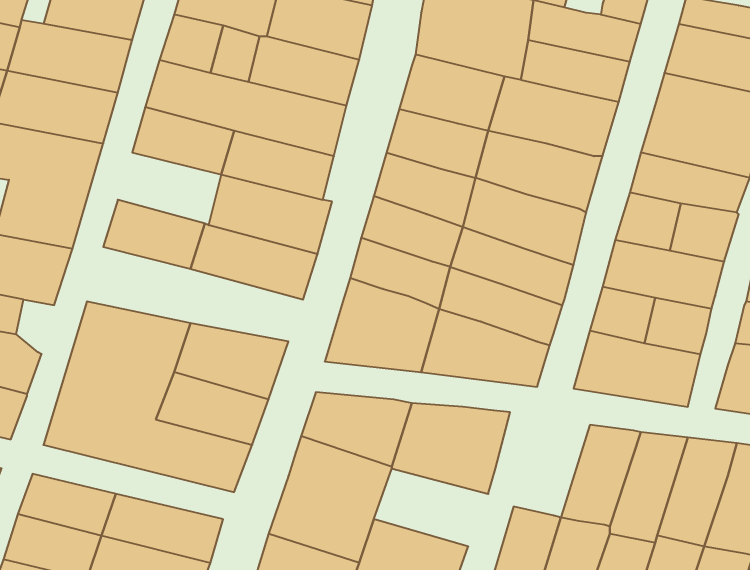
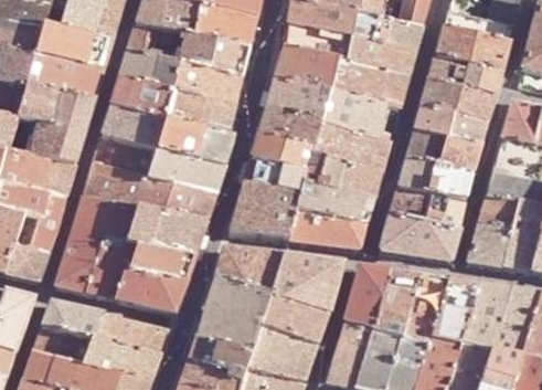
building: none -> [103,107,166,151]
building: none -> [84,165,215,222]
building: none -> [343,270,390,329]
building: none -> [258,299,328,347]

